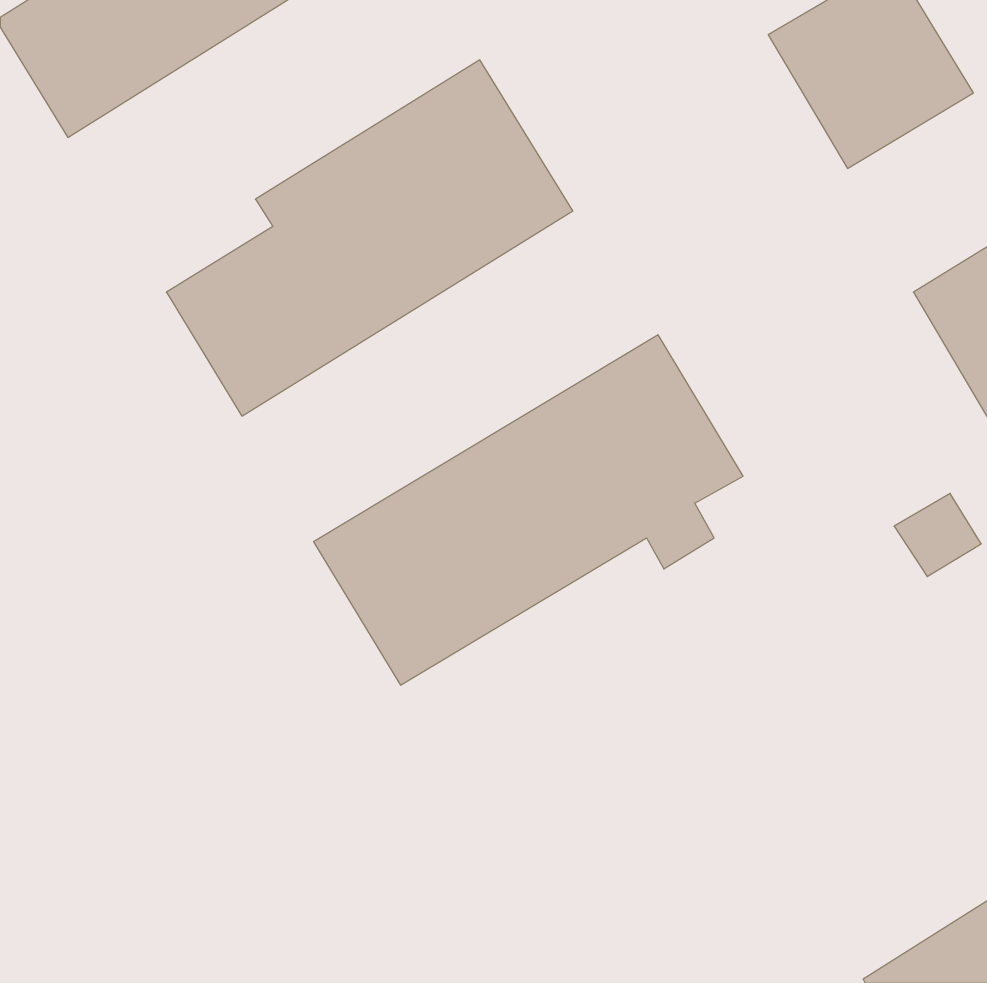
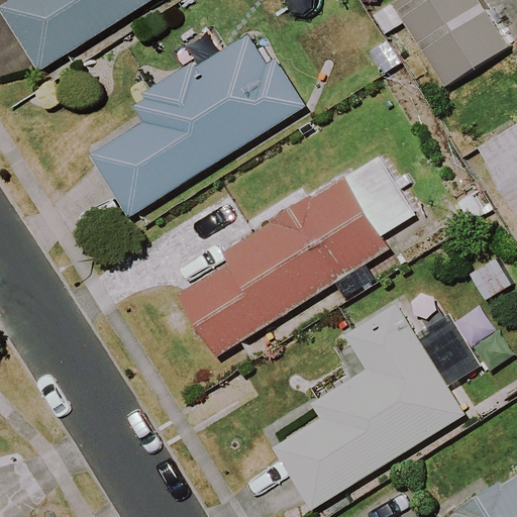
building: none -> [274,301,490,508]

